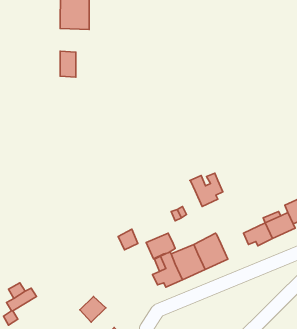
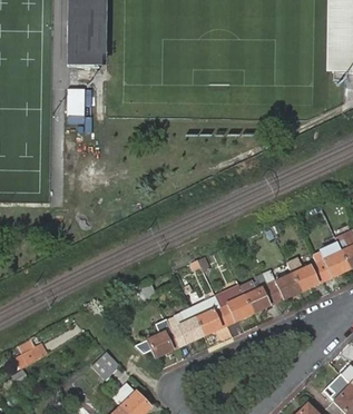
building: [190,173,223,206] -> [239,277,275,313]
building: [146,233,175,259] -> [148,329,179,357]

